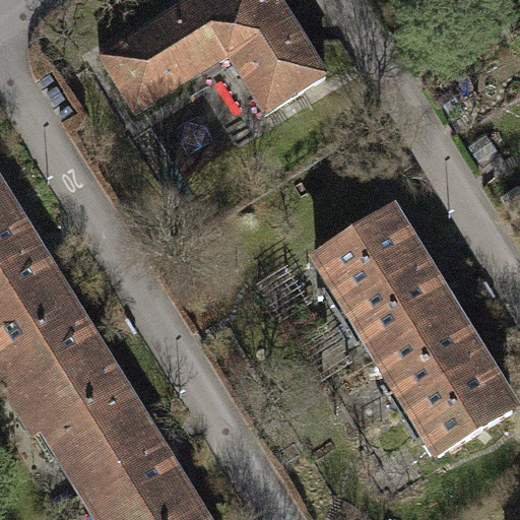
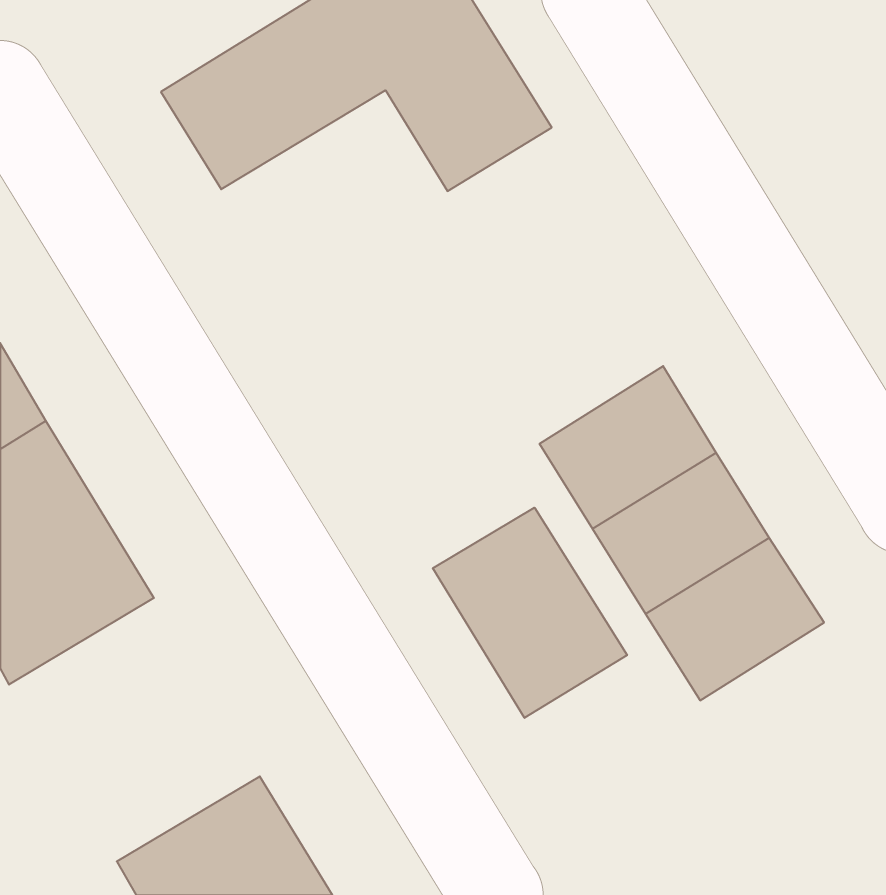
building: none -> [433,508,627,718]
building: [15,343,159,495] -> none
building: [412,358,514,451] -> none

